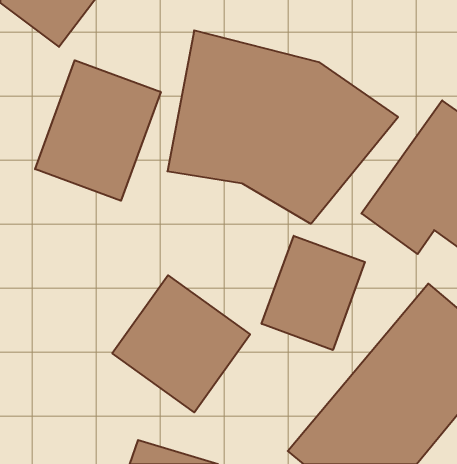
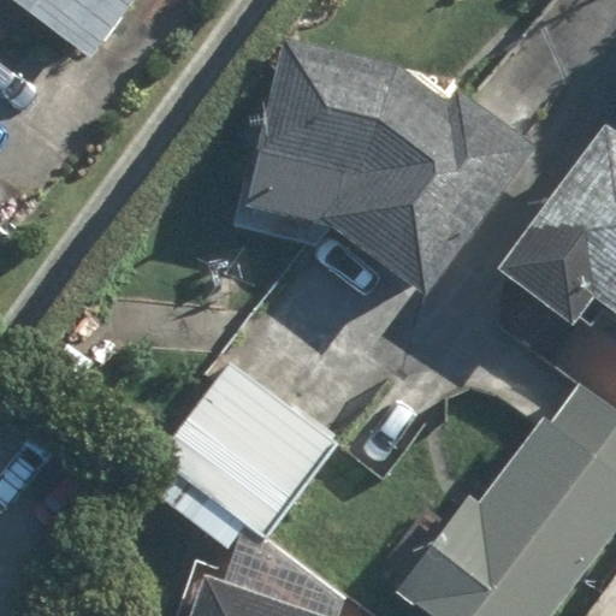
building: [35,60,161,201] -> none
building: [262,236,365,350] -> none

